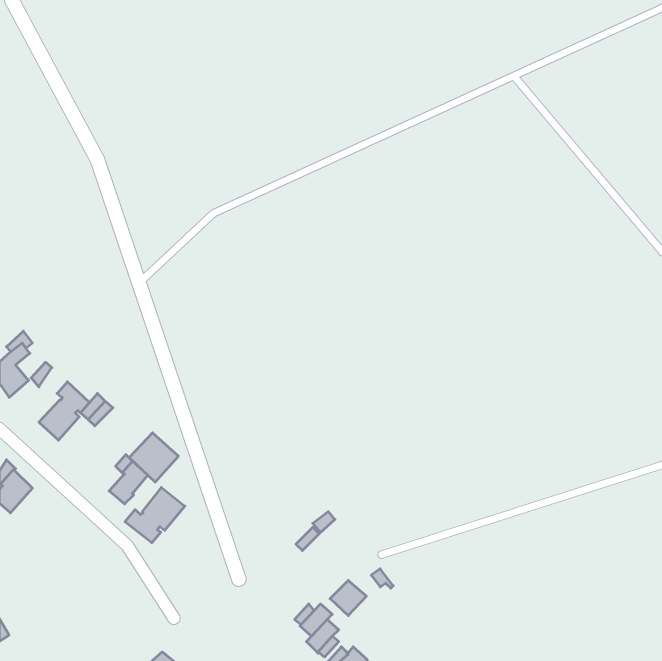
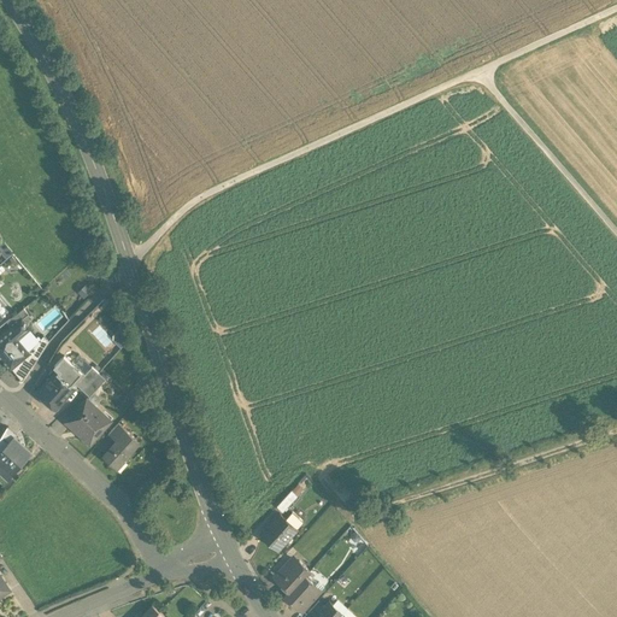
building: [129,433,178,482] -> [64,400,110,446]
building: [125,487,185,543] -> none
building: [330,580,366,616] -> [262,516,295,548]

